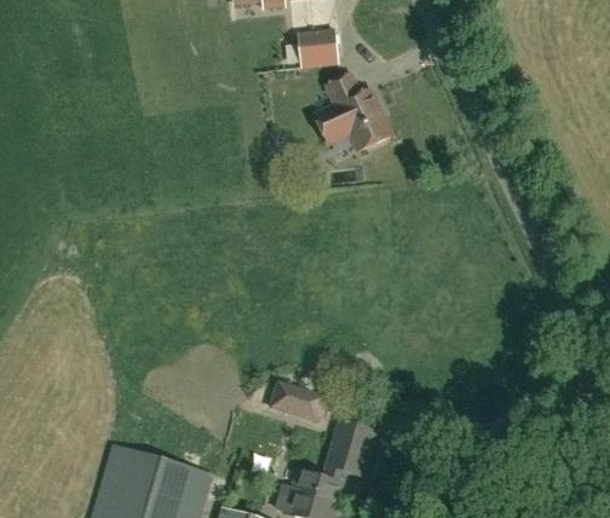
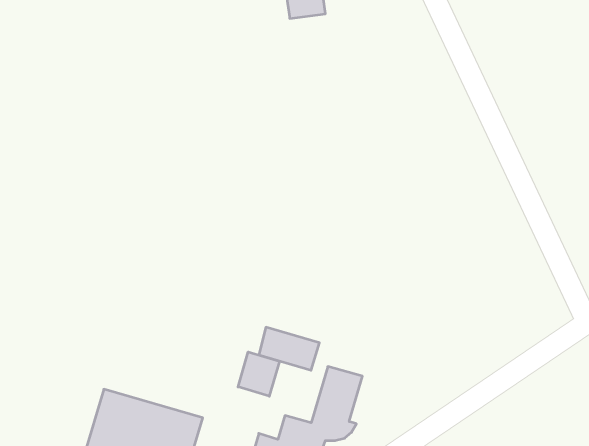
building: [313,75,391,151] -> none
building: none -> [238,352,279,396]

